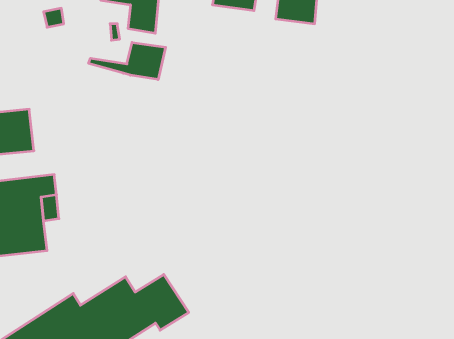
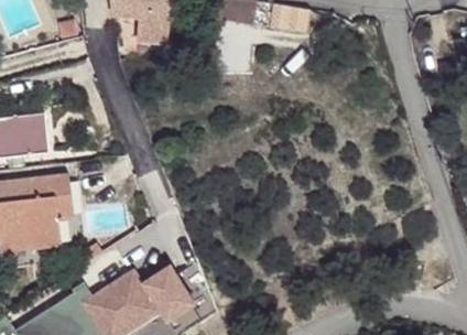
building: [89,42,166,80] -> none

